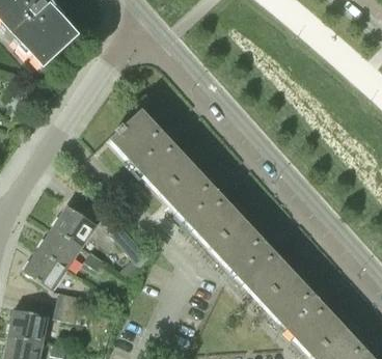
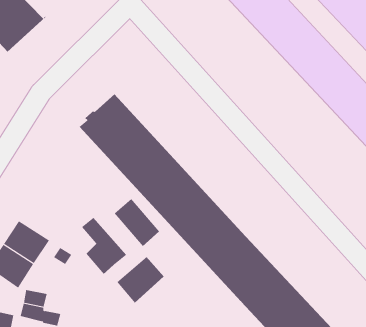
building: [53,204,97,246] -> none
building: none -> [114,198,160,247]
building: none -> [116,256,165,303]

